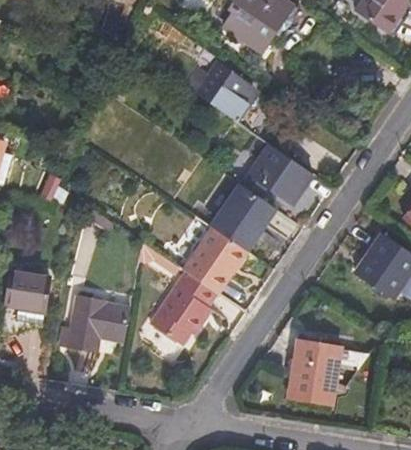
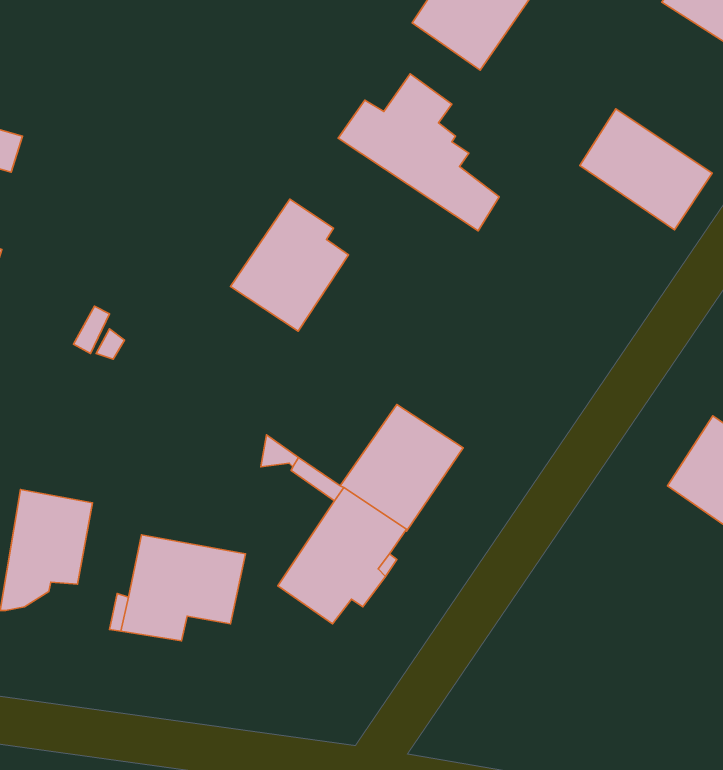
building: none -> [230,199,349,331]
building: [242,139,312,203] -> [580,109,712,230]
building: [212,185,275,249] -> none
building: [289,333,343,405] -> none

